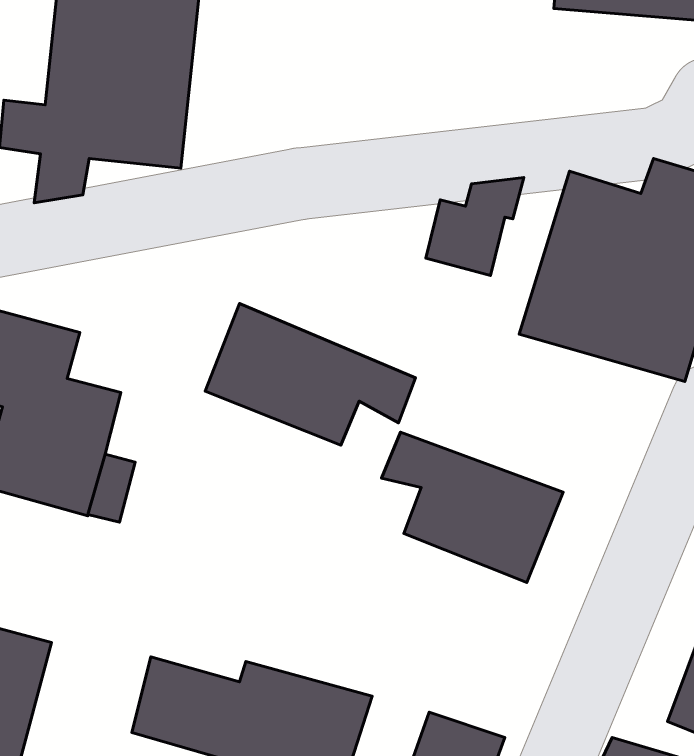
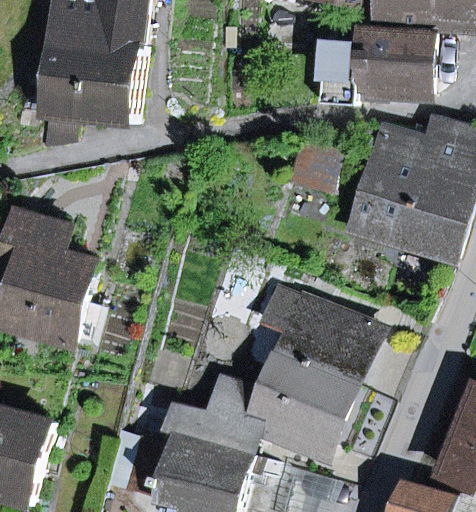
building: none -> [320,30,432,106]
building: [205,303,415,445] -> none
building: none -> [167,354,353,458]

